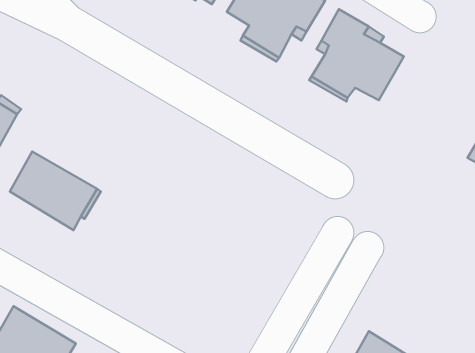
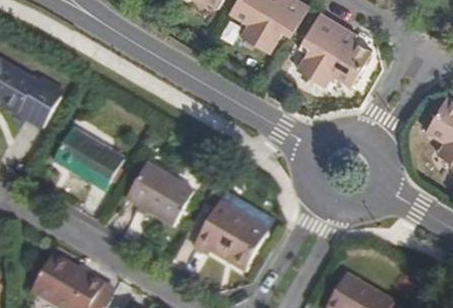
building: none -> [125,162,193,224]
building: none -> [192,200,265,269]

